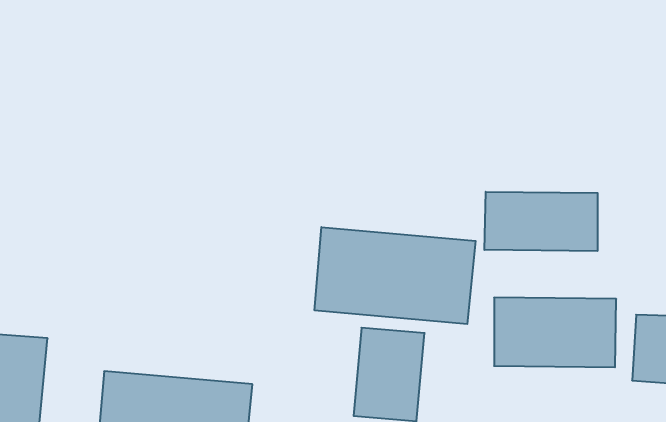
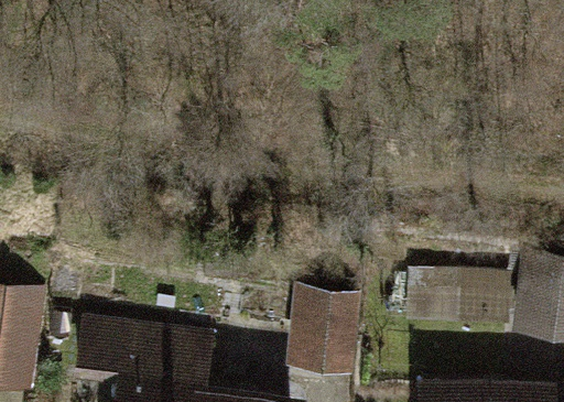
building: [484,192,598,251] -> none
building: [315,227,476,324] -> none

